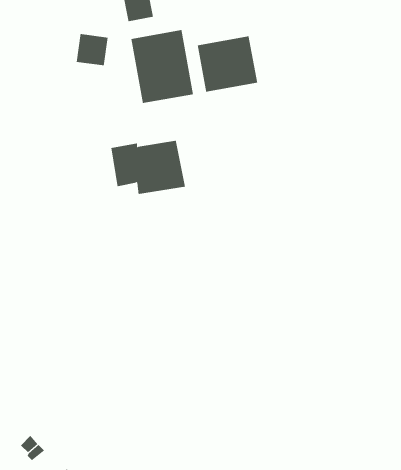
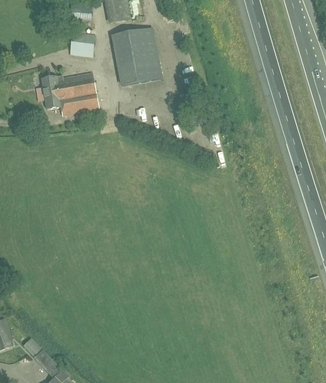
building: [197,36,258,93] -> none
building: [111,140,186,194] -> [41,72,99,114]

